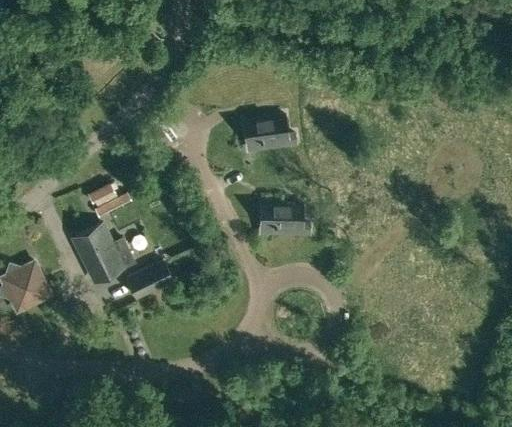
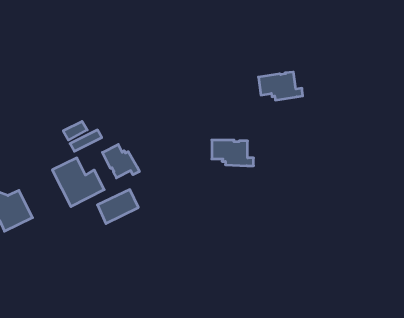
building: [243,116,295,149] -> [258,72,303,100]
building: none -> [102,144,139,178]

